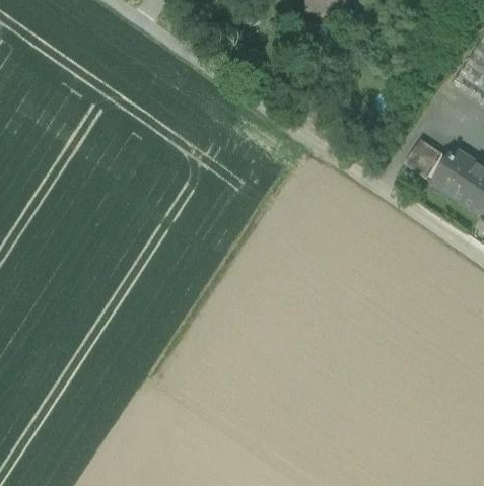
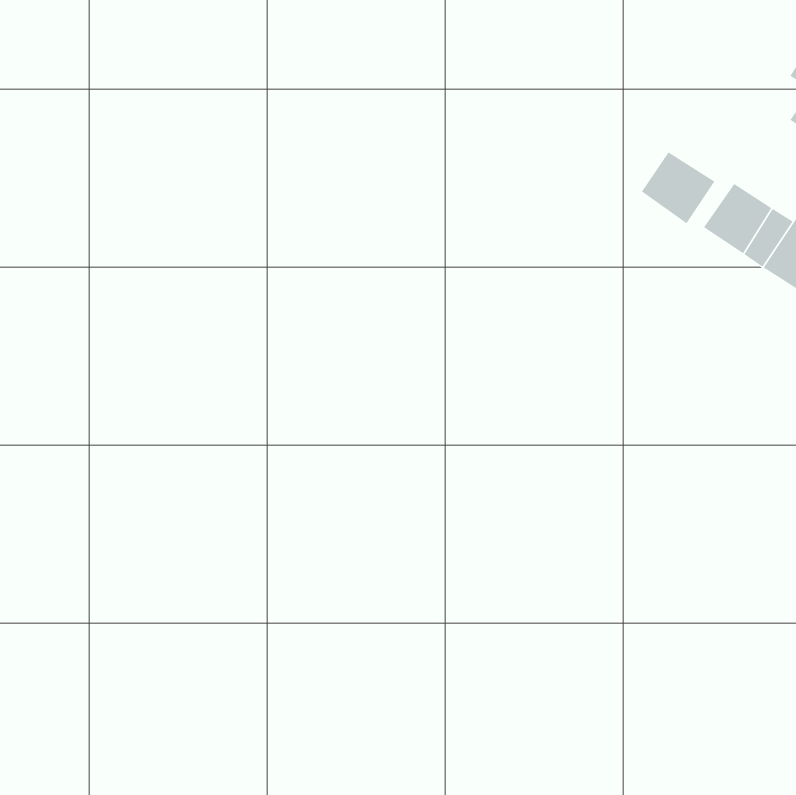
building: none -> [641,151,715,224]

